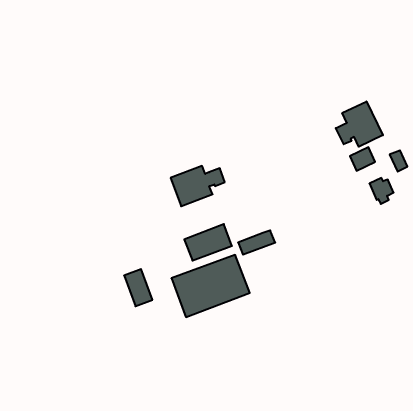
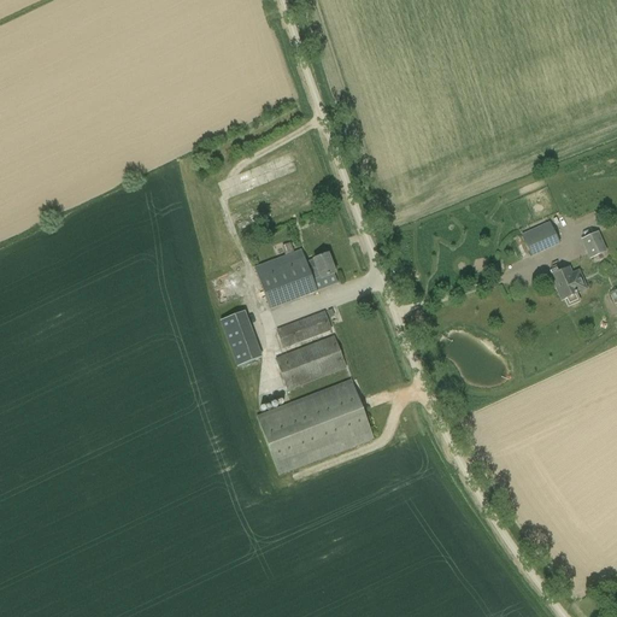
building: [336,101,383,147] -> none
building: [238,230,275,255] -> [276,310,331,346]
building: [124,269,152,306] -> [219,310,262,365]

